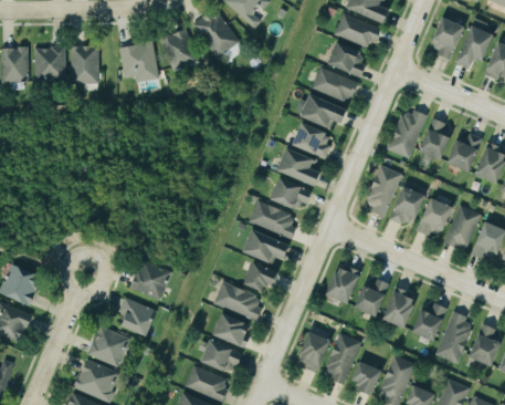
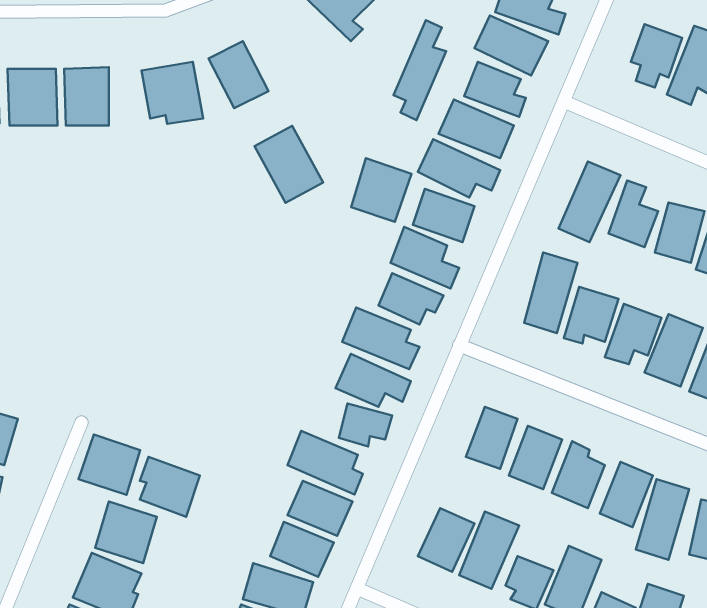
building: [192,8,236,58] -> [255,126,323,203]
building: none -> [394,20,446,120]
building: none -> [351,158,411,222]
building: [130,259,170,298] -> [78,435,140,495]

